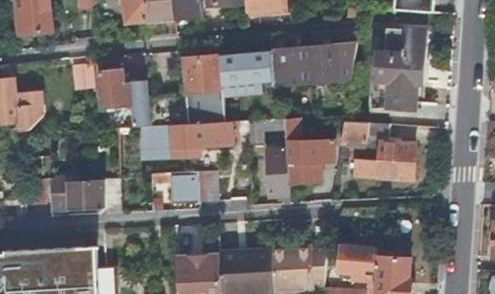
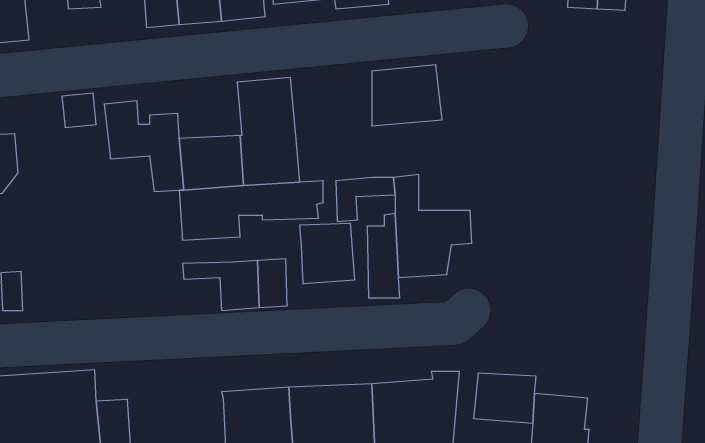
building: [372,27,428,110] -> none
building: [312,43,356,82] -> none
building: [219,52,263,97] -> none
building: [341,120,415,179] -> none
building: none -> [300,223,355,284]
building: [51,178,121,209] -> none

